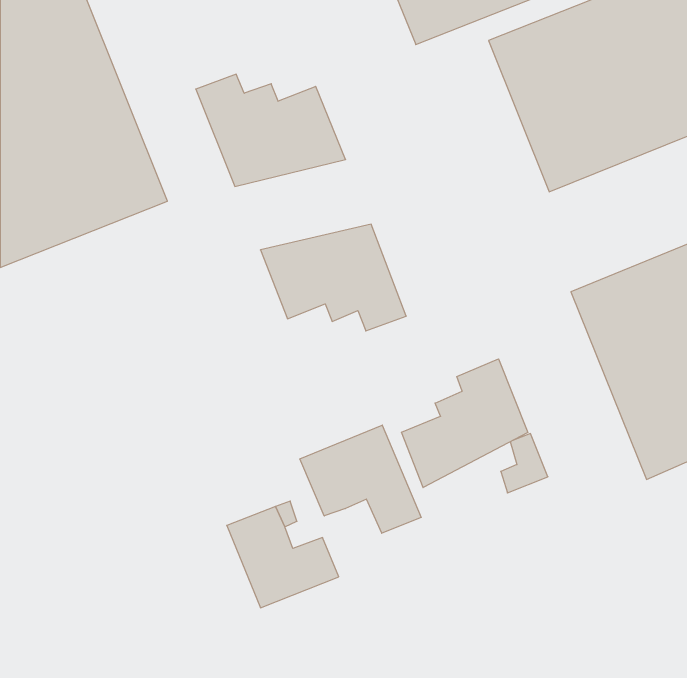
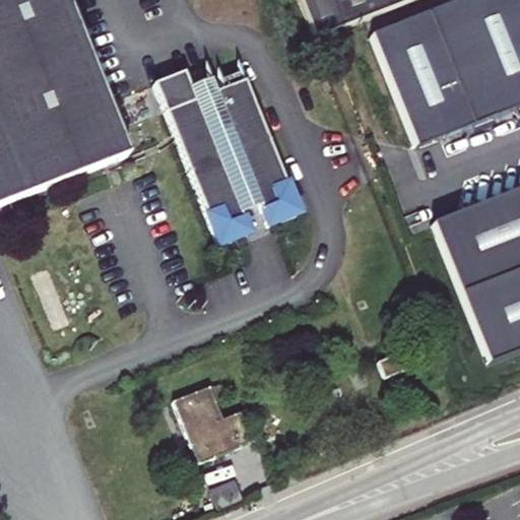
building: none -> [179,120,281,188]
building: [401,359,528,488] -> none
building: [300,425,421,533] -> none

